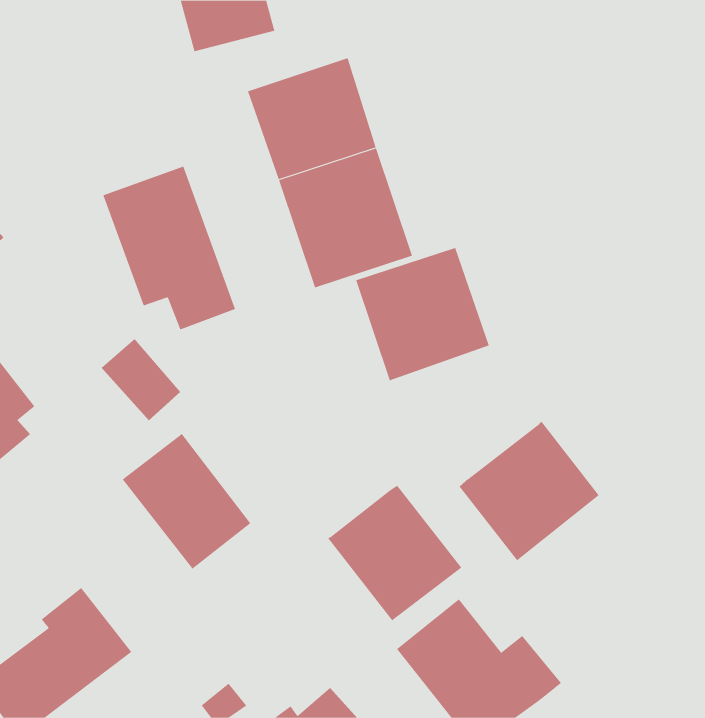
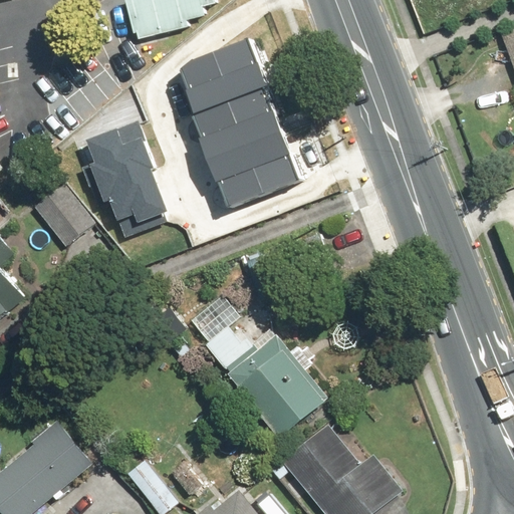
building: [355,247,489,381] -> none
building: [101,338,181,421] -> [37,187,94,246]
building: [459,421,600,561] -> none
building: [122,433,251,570] -> [186,286,278,383]

